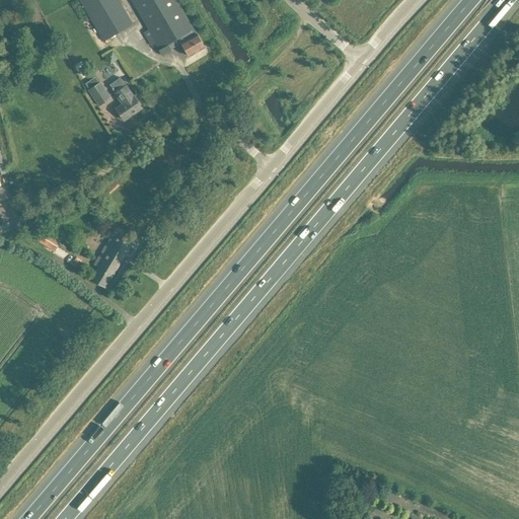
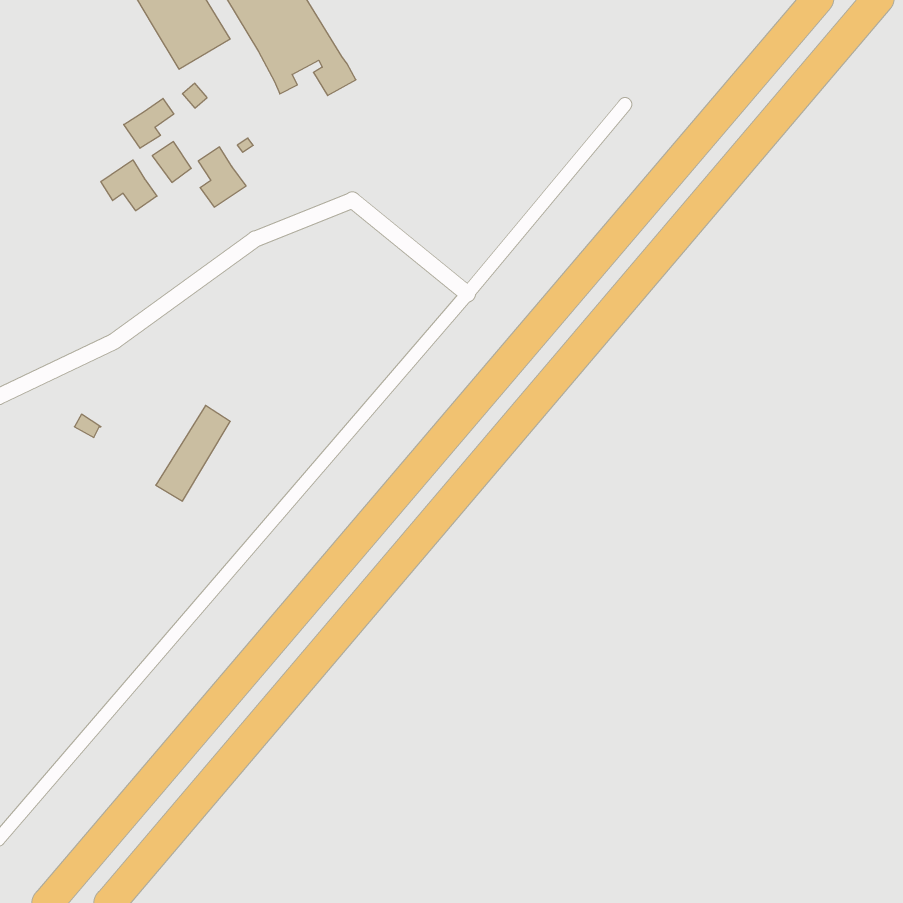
building: none -> [124,98,174,148]
building: none -> [101,160,157,211]

